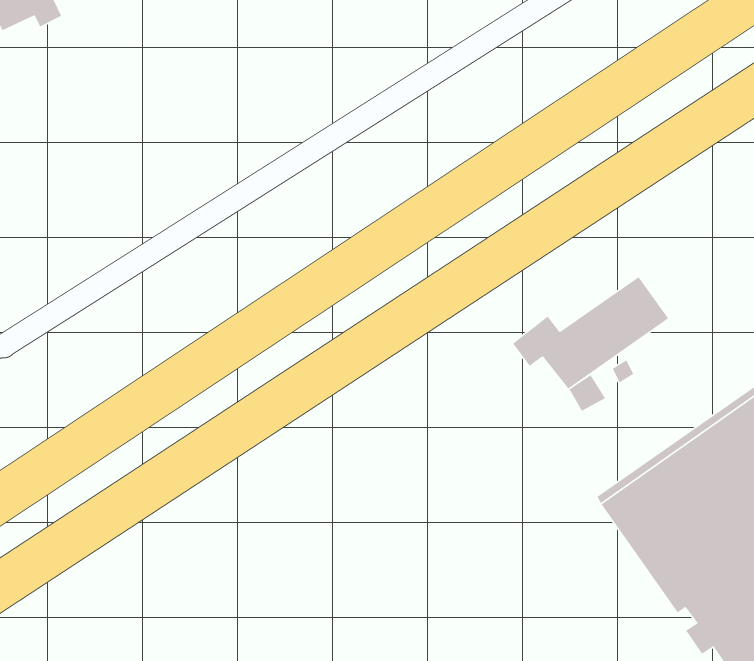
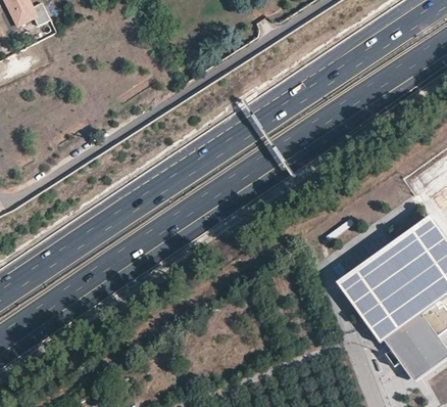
building: [512,276,669,389] -> none

